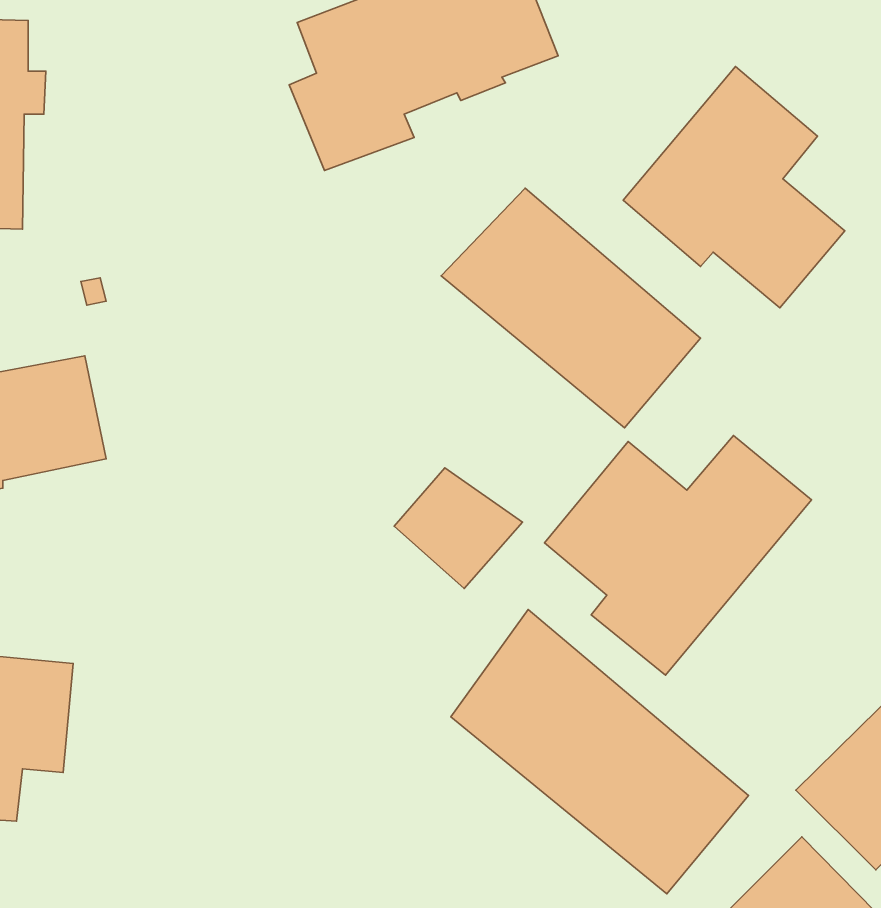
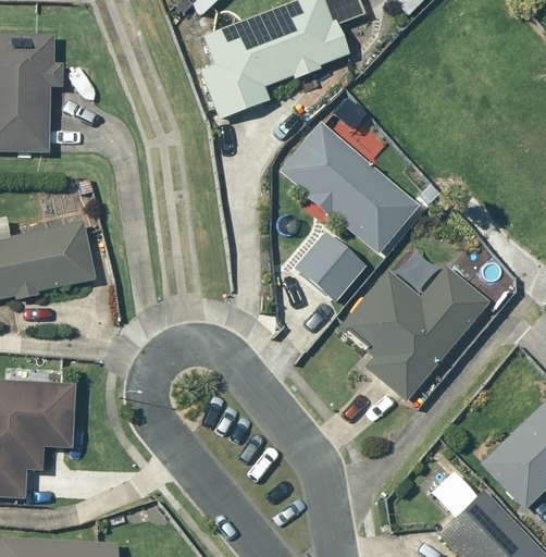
building: [623,66,845,308] -> none
building: [394,468,523,588] -> [302,239,374,307]
building: [451,610,748,894] -> none

